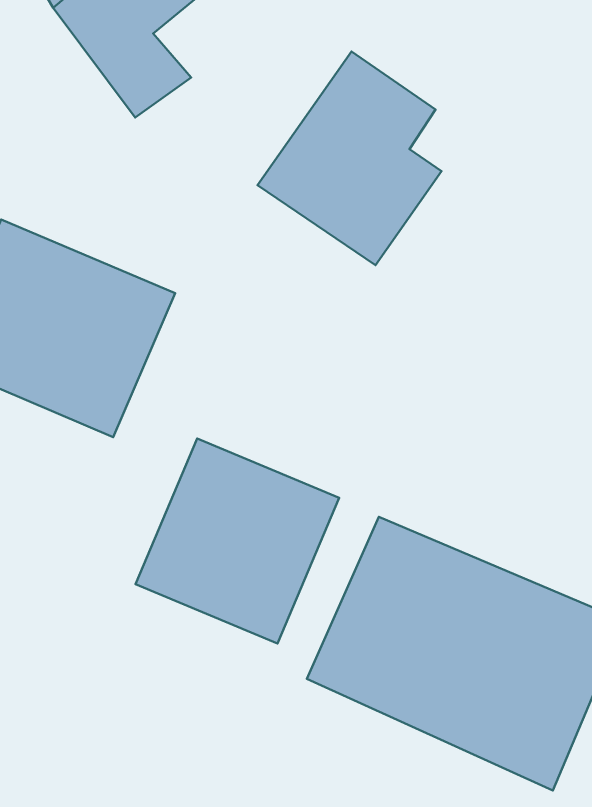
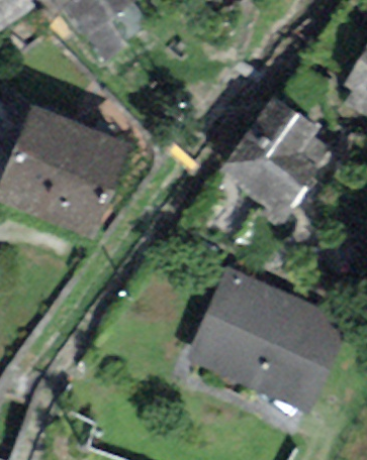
building: [258,51,441,265] -> [224,101,317,209]
building: [136,439,339,644] -> none

